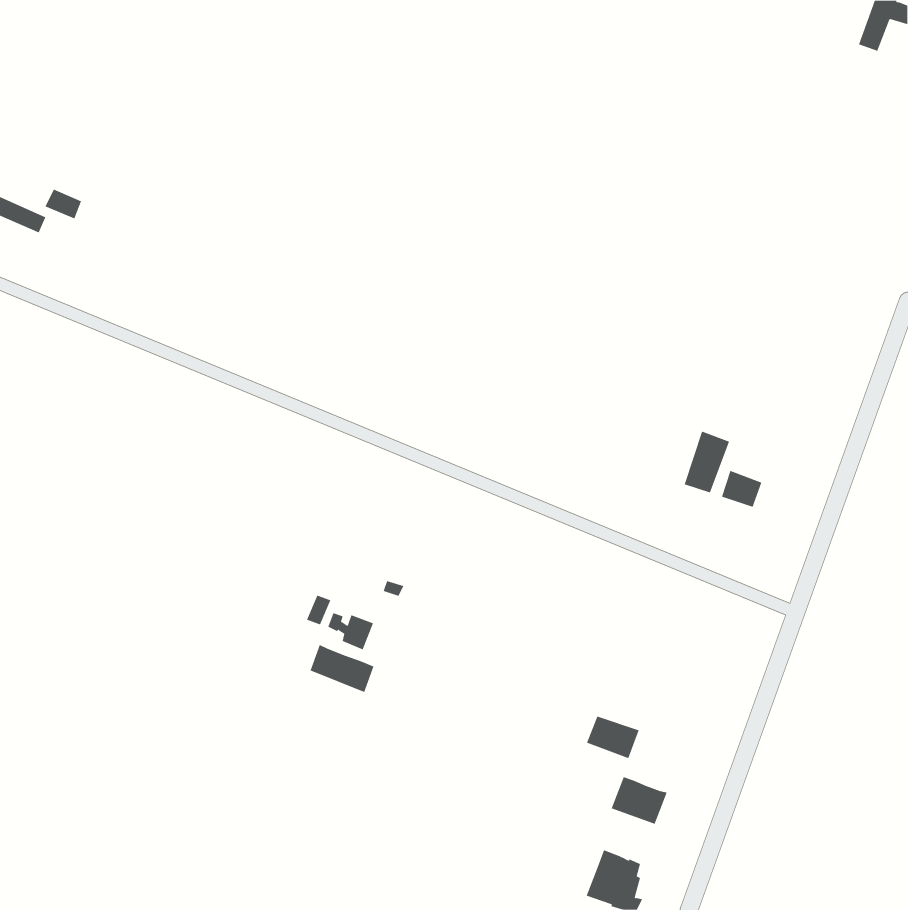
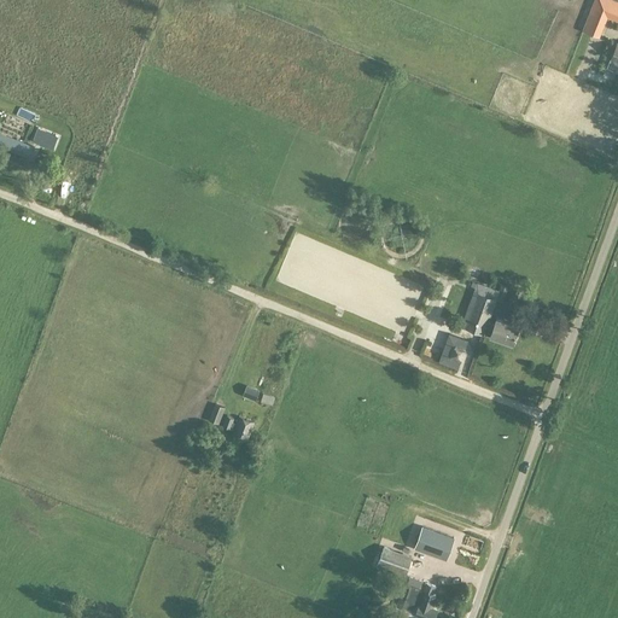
building: none -> [437,334,466,368]
building: [310,644,374,693] -> none
building: [586,716,639,759] -> [375,547,412,576]

